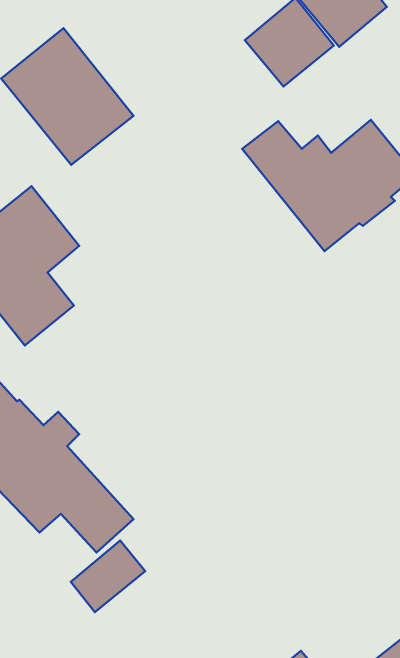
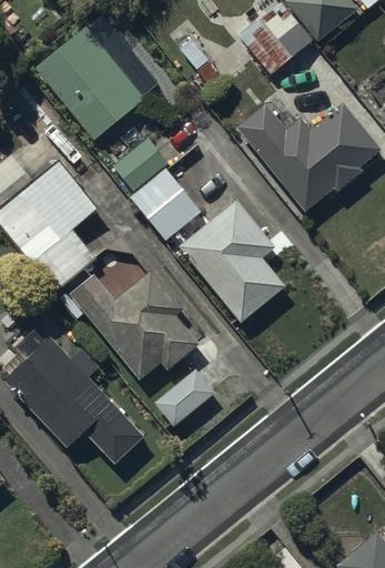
building: none -> [113,138,202,241]
building: none -> [179,199,286,324]
building: none -> [60,268,200,387]
building: [71,541,145,612] -> [154,367,216,427]

